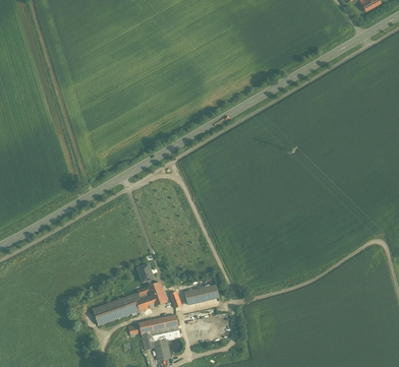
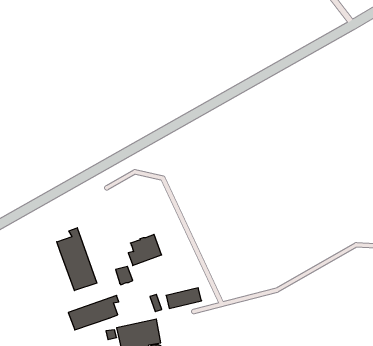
building: none -> [57,228,97,291]
building: [134,281,166,310] -> [128,234,162,266]

